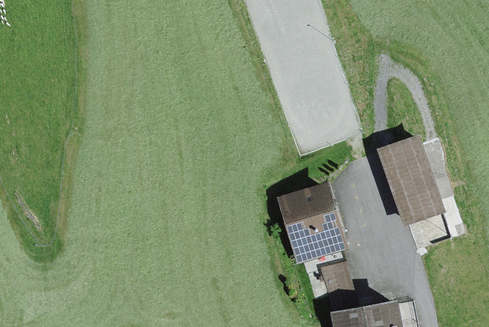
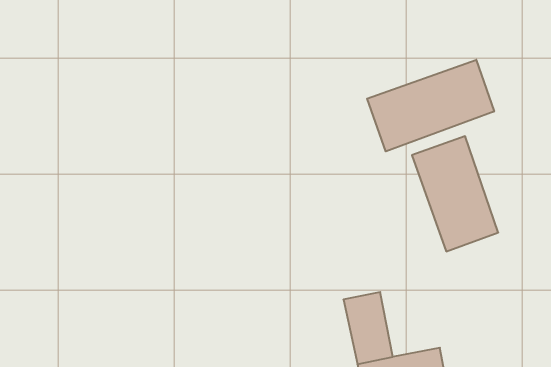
building: none -> [367,60,494,151]
building: [279,184,348,264] -> none

